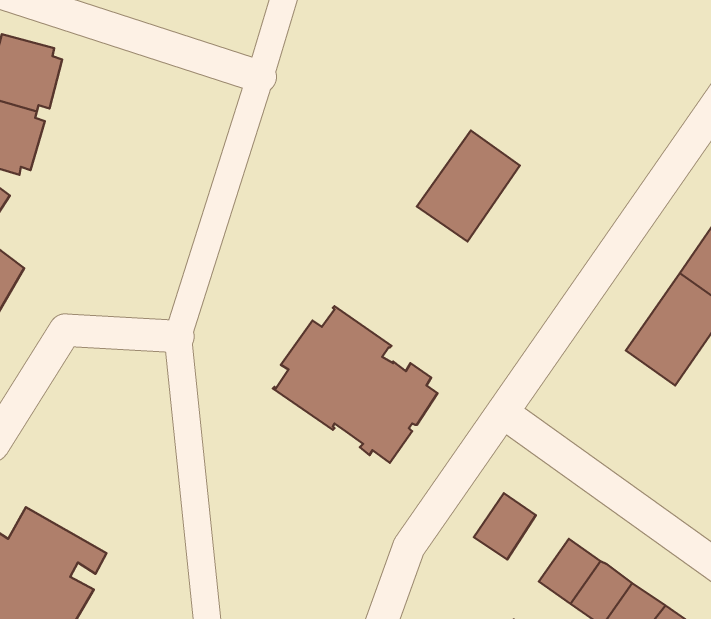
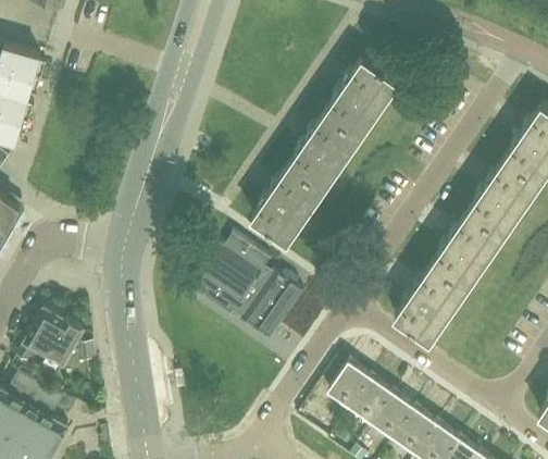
building: none -> [326,61,397,139]
building: none -> [252,168,324,245]
building: none -> [396,266,466,344]
building: none -> [17,311,84,369]
building: none -> [351,380,394,425]

